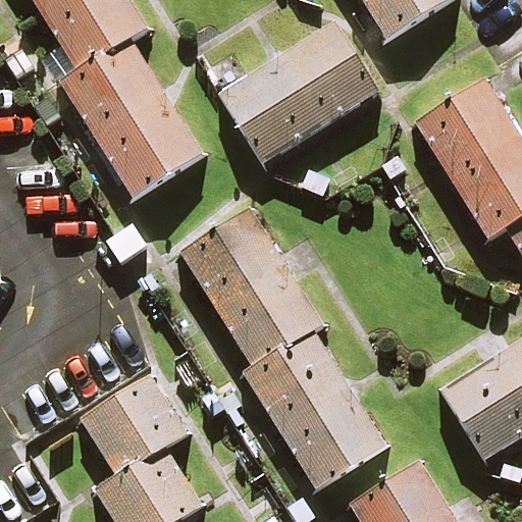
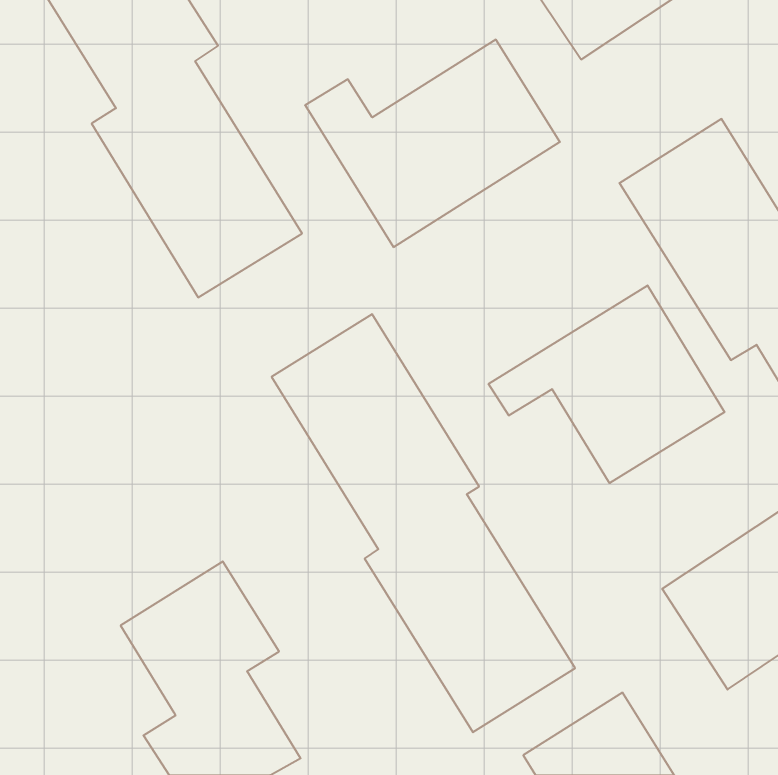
building: none -> [489,285,724,483]

